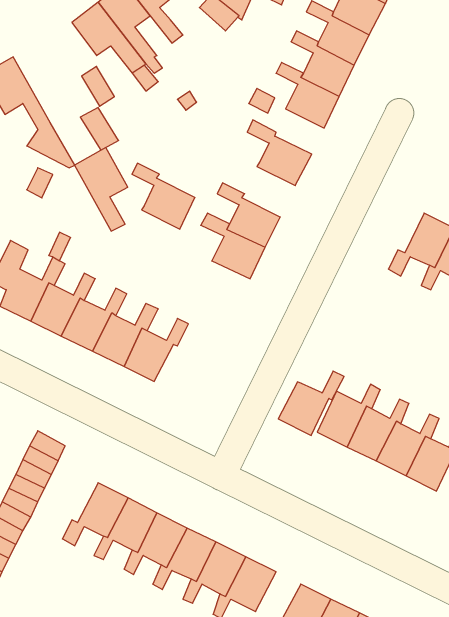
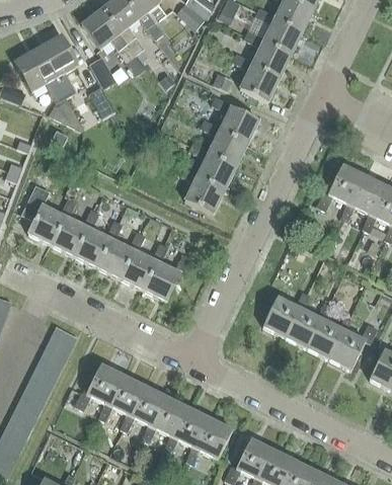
building: [74,147,128,231] -> [38,35,78,97]
building: [132,163,195,229] -> [201,118,247,167]
building: [278,371,344,435] -> [143,253,191,301]

